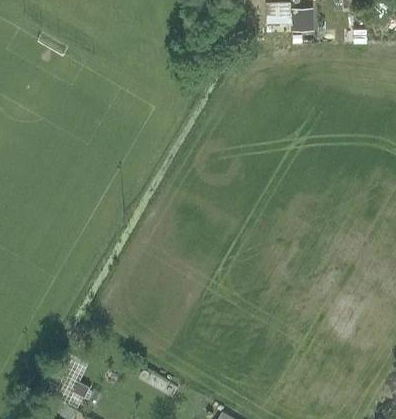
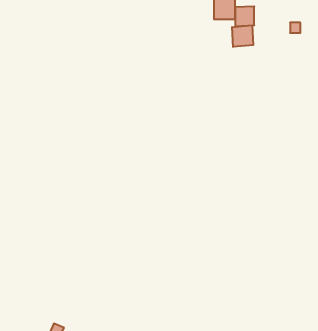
building: none -> [232,25,253,47]

